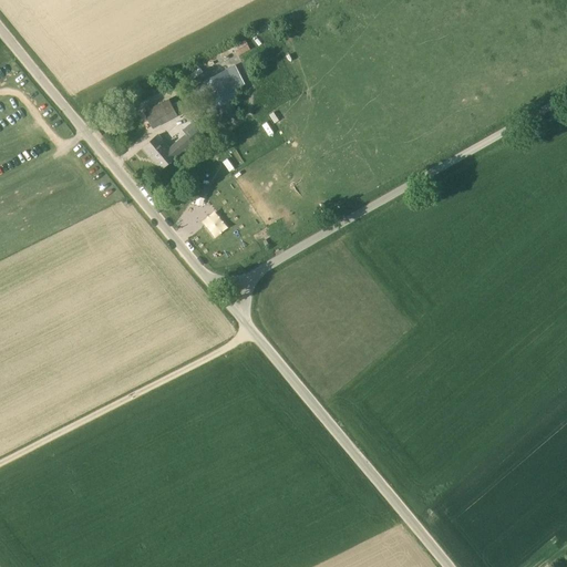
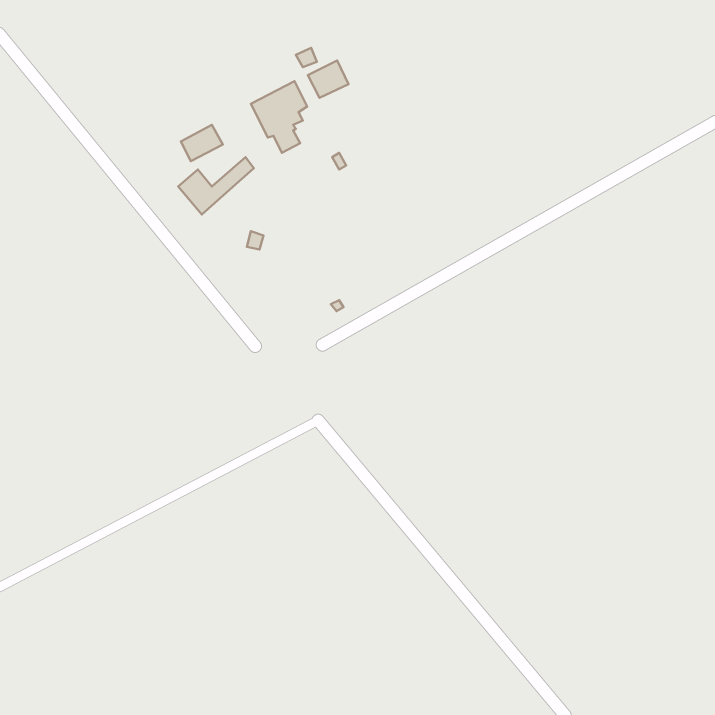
building: none -> [308,60,348,98]

